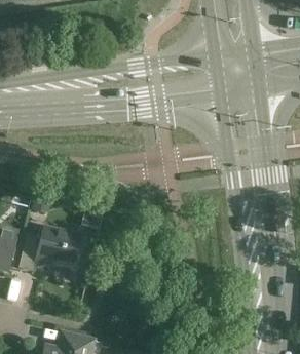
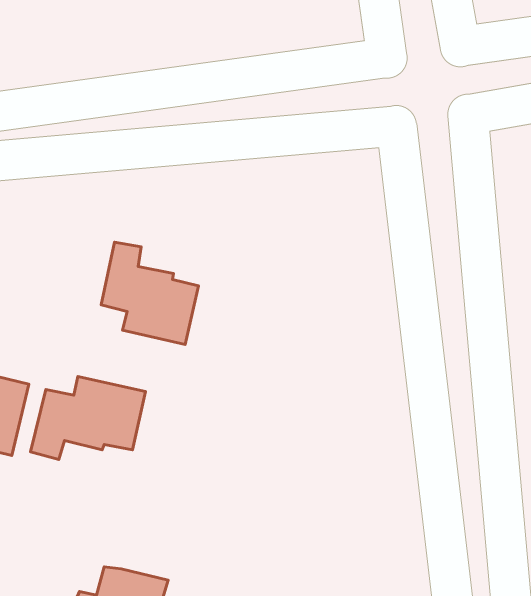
building: none -> [101,242,199,344]

